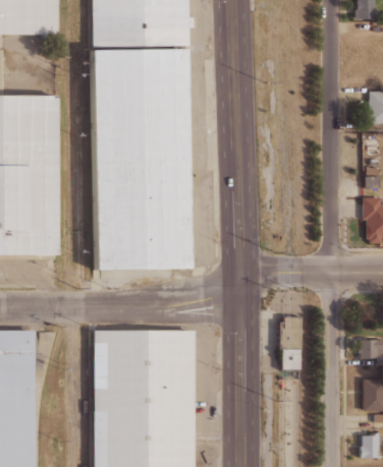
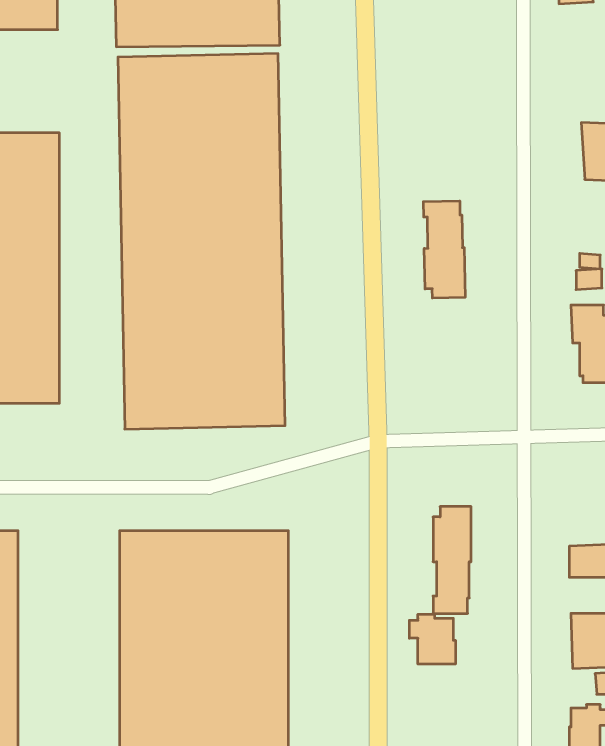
building: none -> [423,201,465,298]
building: none -> [409,614,455,664]

